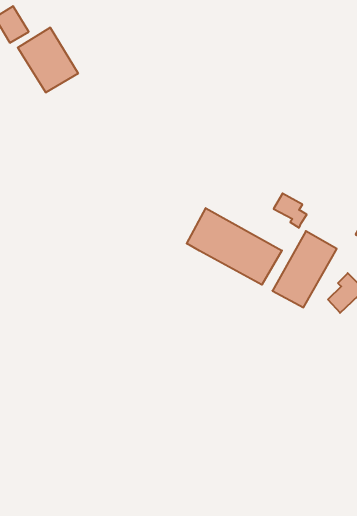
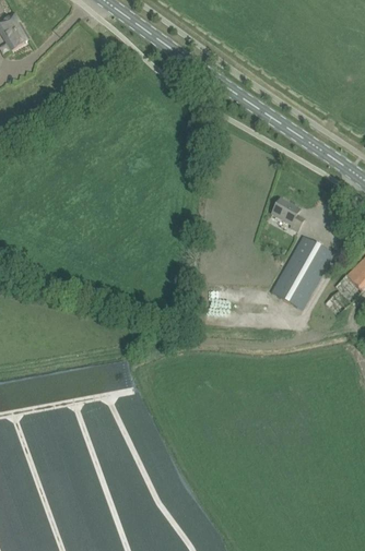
building: [18,27,78,93] -> none
building: [187,208,282,285] -> none

